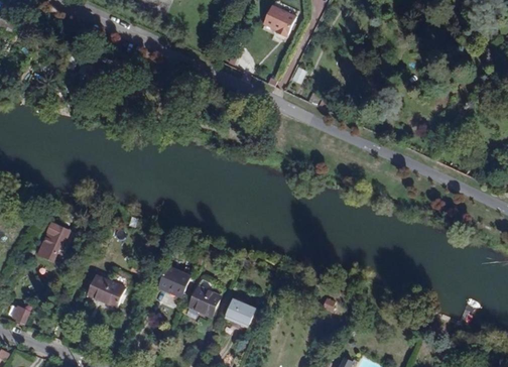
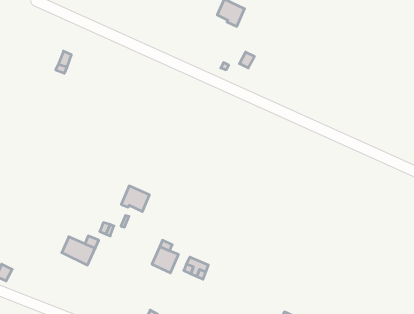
building: [37,226,67,261] -> none
building: [158,265,190,294] -> [121,186,149,212]

